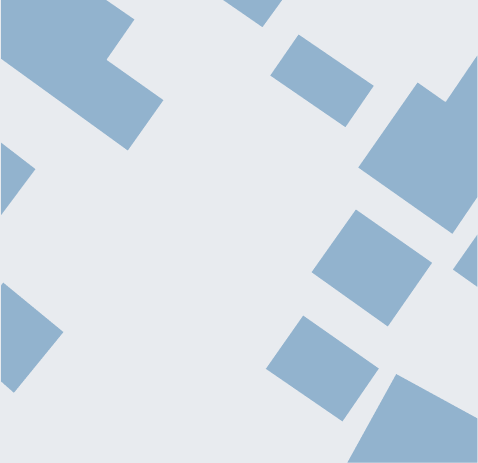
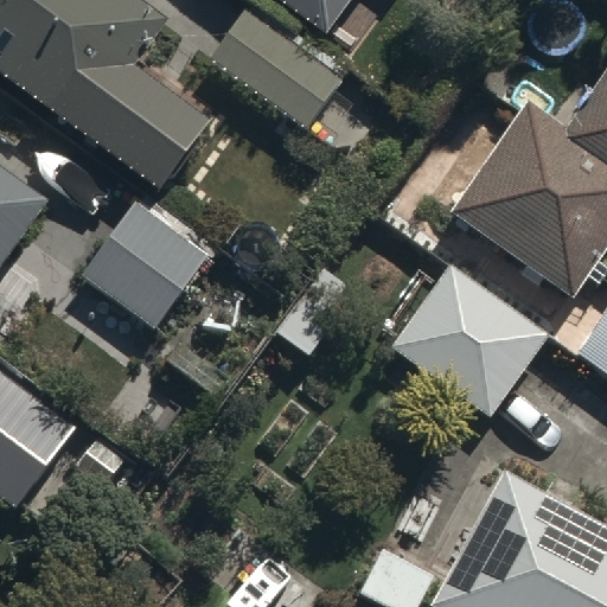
building: [269,34,375,128] -> [206,12,340,132]
building: none -> [78,199,210,331]
building: [265,315,380,422] -> none

